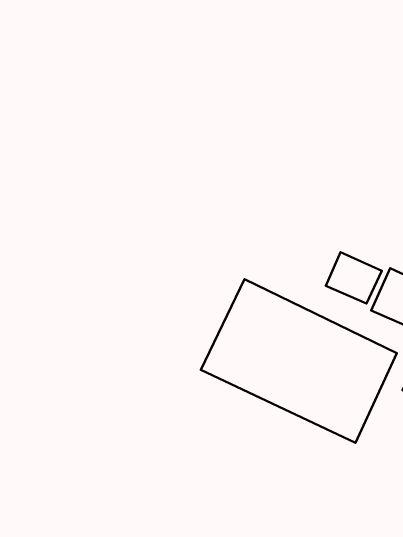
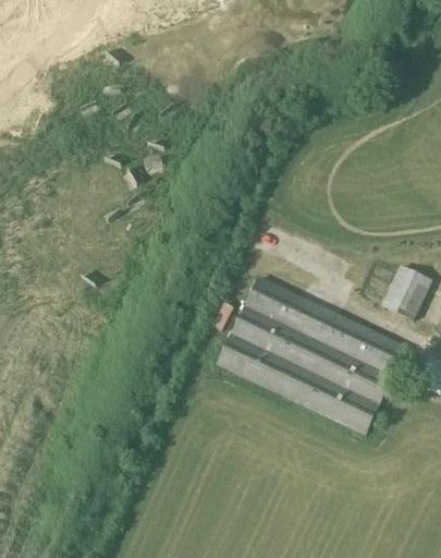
building: [326,252,382,304] -> none

